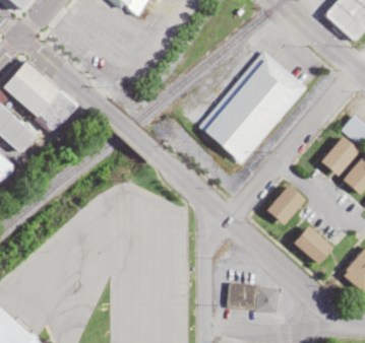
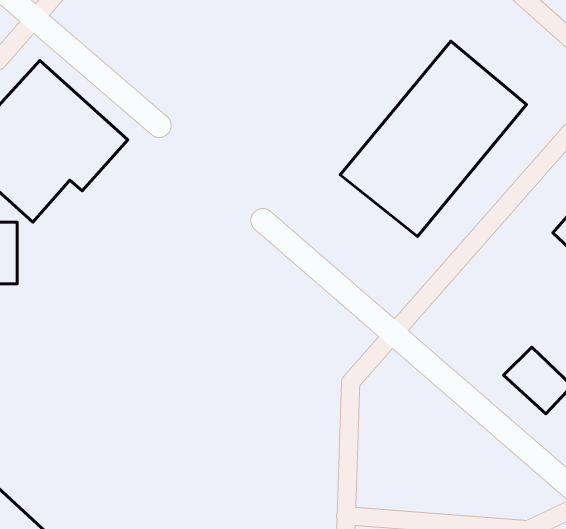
building: [266,185,305,224] -> none
building: [226,282,279,313] -> none

